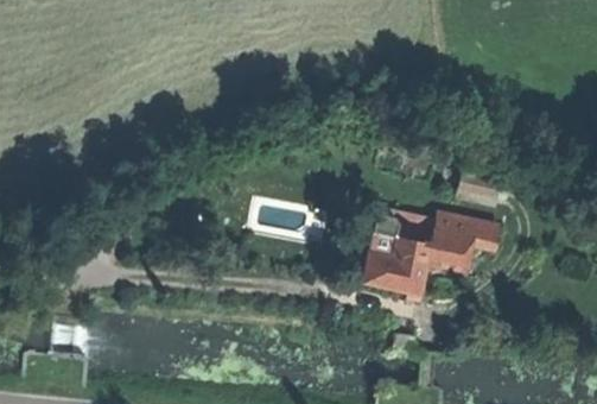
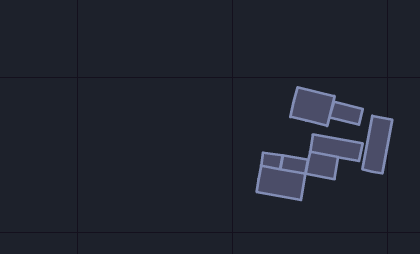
building: none -> [290,87,334,126]
building: none -> [363,116,392,173]

